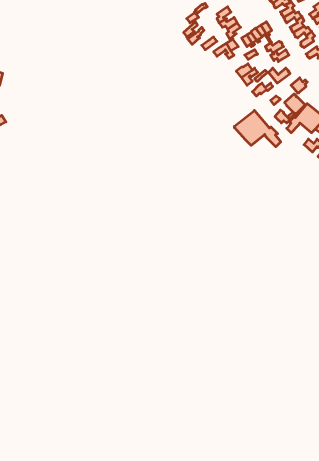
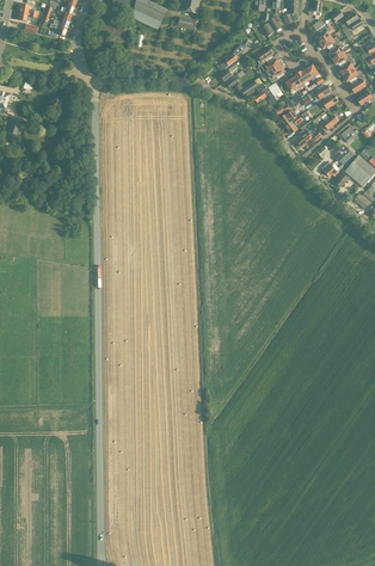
building: [234,110,281,147] -> none

